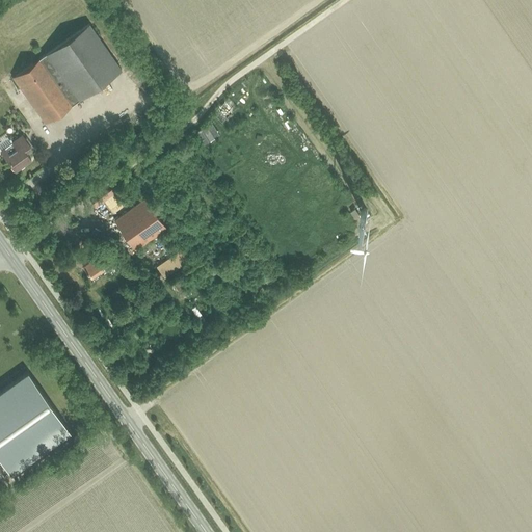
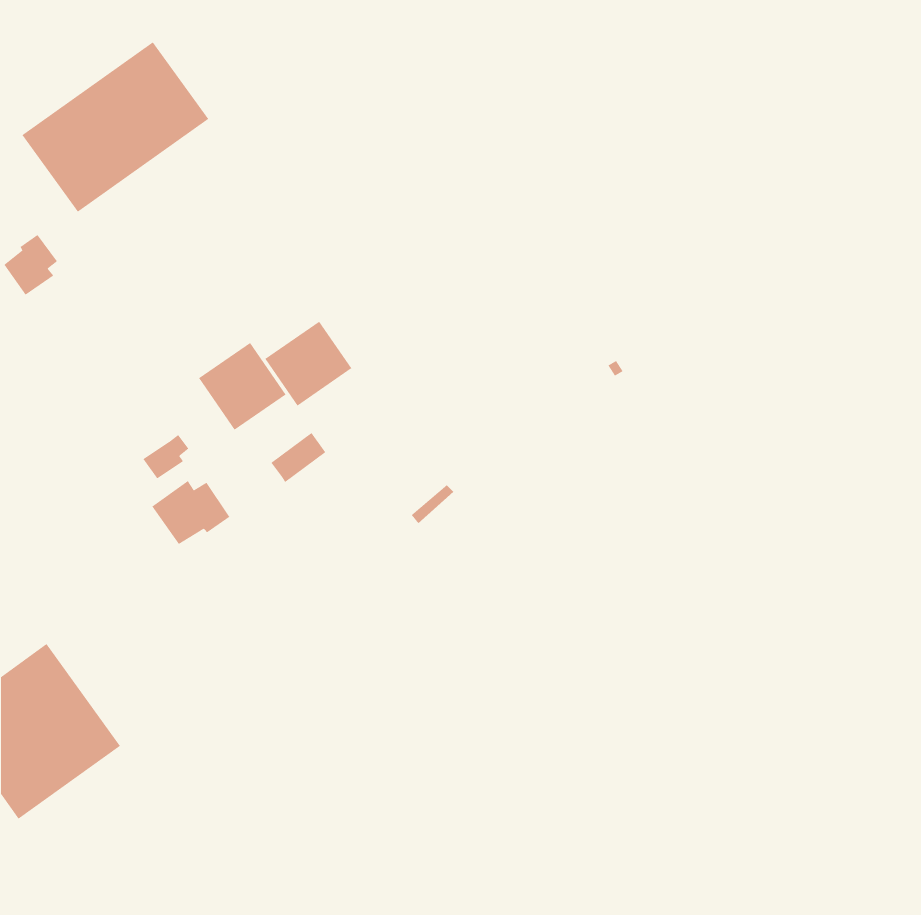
building: none -> [265,321,352,406]
building: none -> [152,480,230,545]

